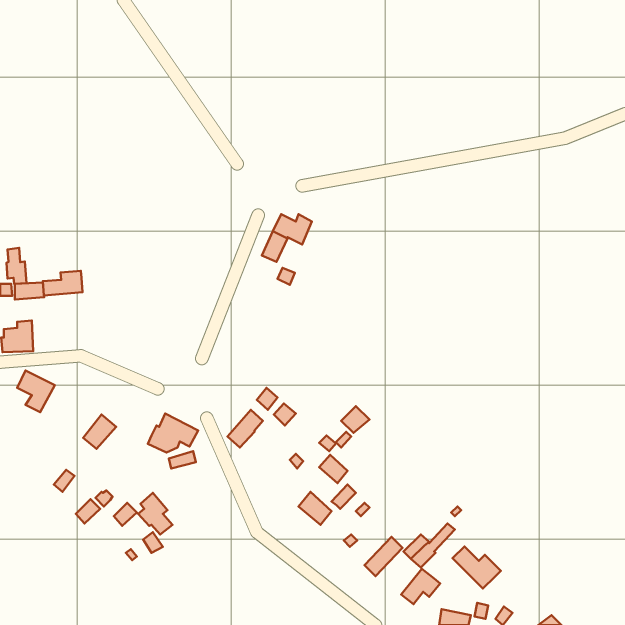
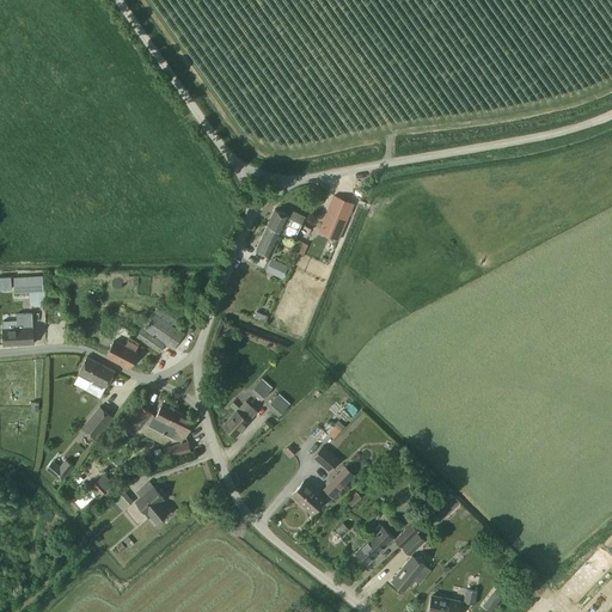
building: none -> [318,196,354,240]
building: [7,248,27,284] -> none
building: [43,271,83,296] -> none
building: none -> [136,306,184,353]
building: none -> [105,339,139,367]
building: [17,371,55,412] -> [78,356,115,397]
building: [453,546,501,589] -> none

